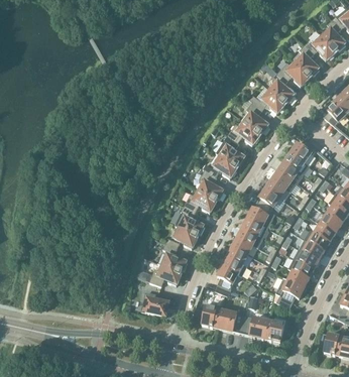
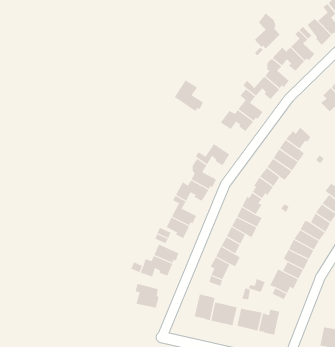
building: none -> [254,13,280,49]
building: [216,135,245,166] -> [174,80,204,112]

